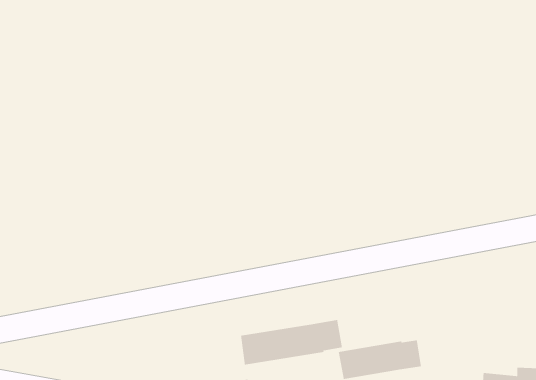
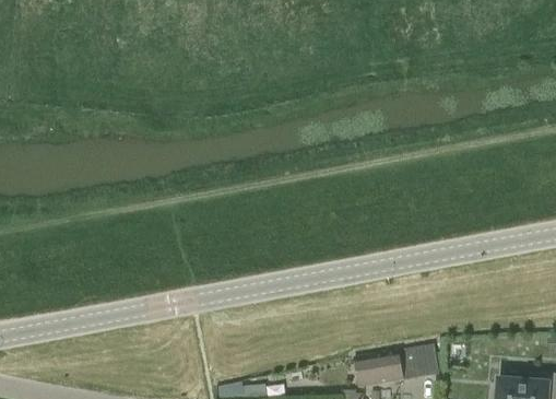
building: [240,319,343,366] -> none

